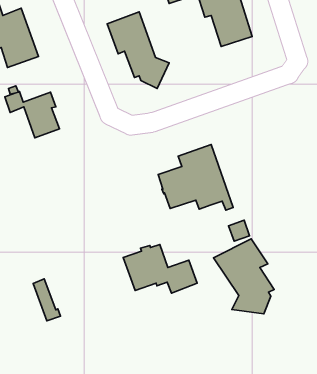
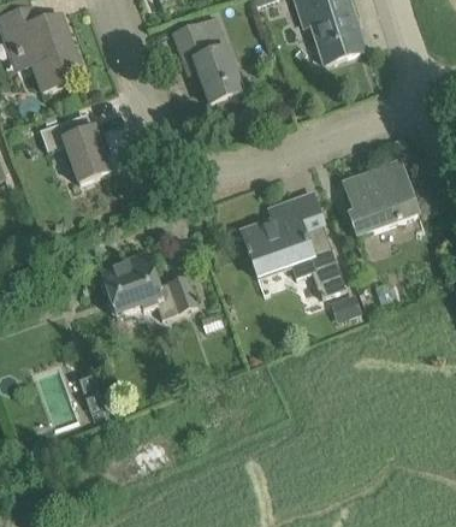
building: none -> [343,161,417,236]
building: [214,239,274,314] -> none
building: [123,245,197,293] -> [99,254,196,318]

